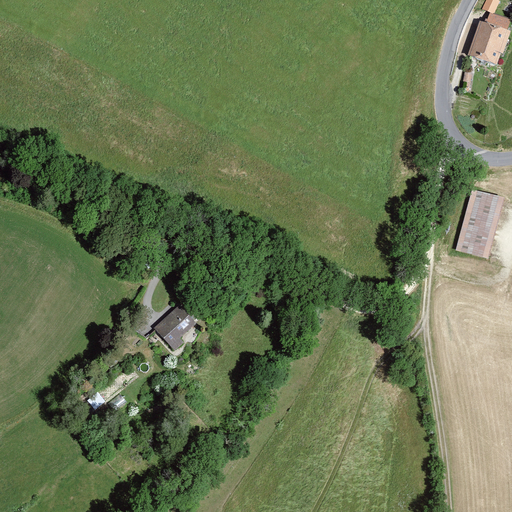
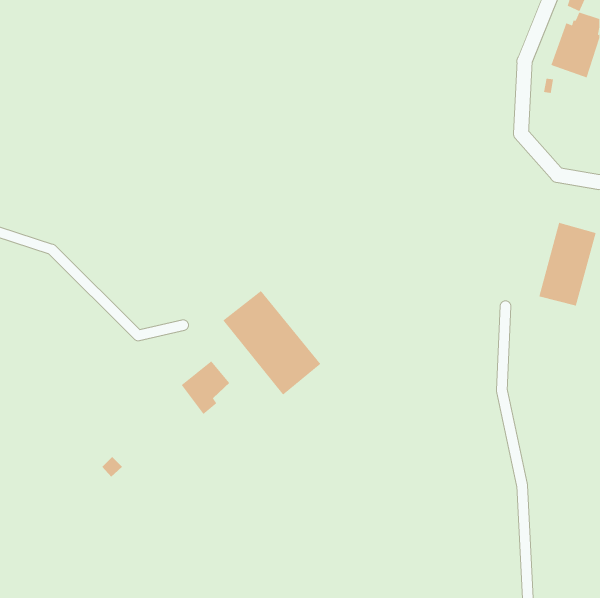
building: none -> [222,290,321,395]

